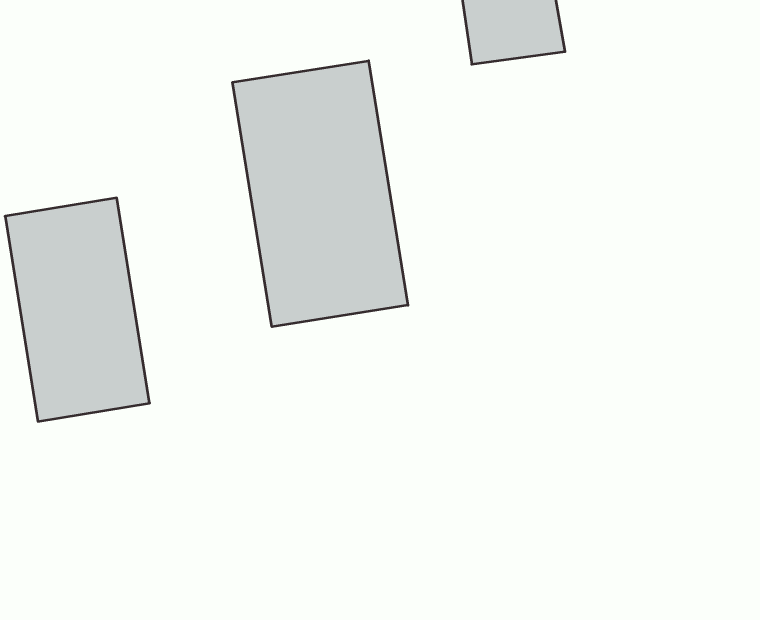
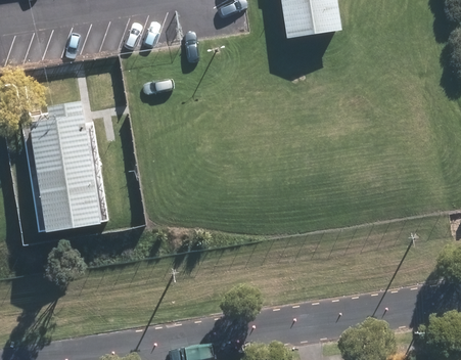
building: [233,61,408,327] -> none

